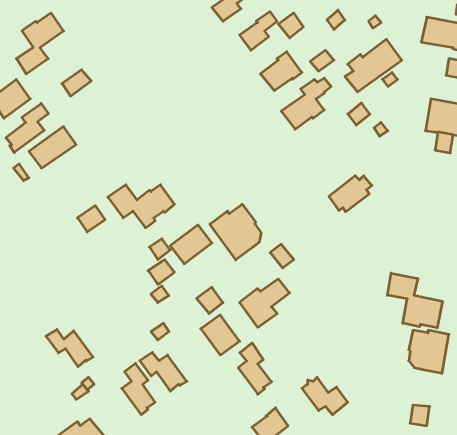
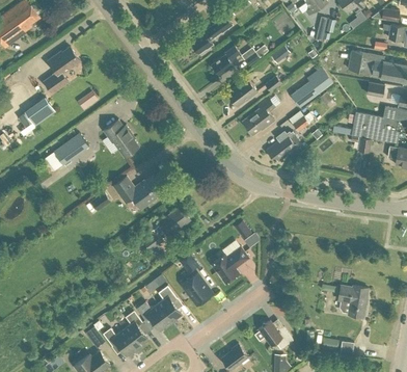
building: [6,103,48,153] -> none
building: none -> [103,118,138,156]
building: [329,176,372,212] -> [266,134,298,161]
building: [210,204,261,260] -> none
building: [387,273,442,328] -> none
building: [46,329,93,367] -> [102,327,137,355]
building: [238,343,272,394] -> [157,285,182,323]

